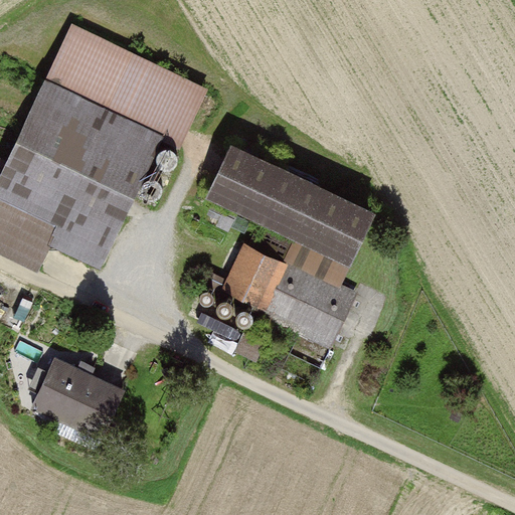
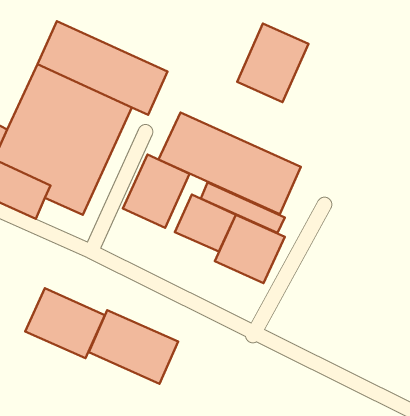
building: none -> [237,23,308,102]
building: none -> [123,154,190,228]
building: none -> [89,310,178,384]

